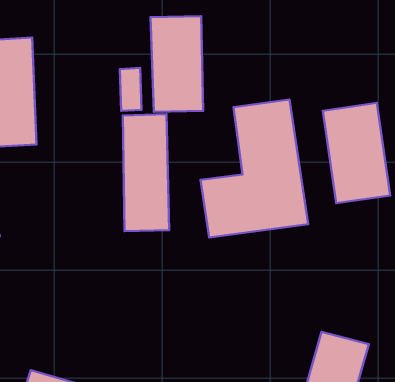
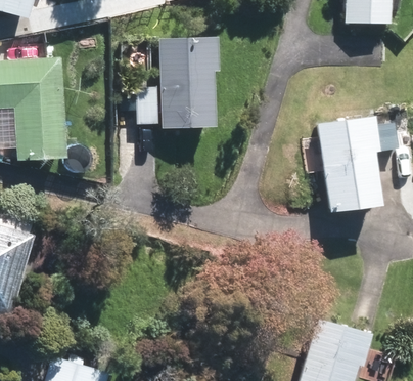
building: [201,99,308,238] -> none
building: [123,114,169,231] -> none

